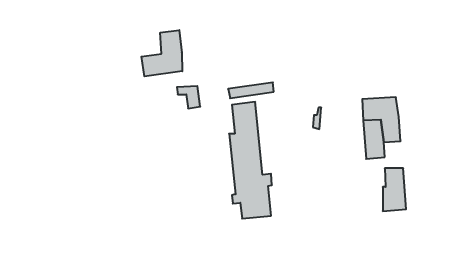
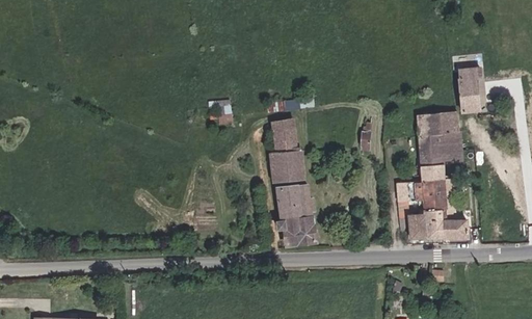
building: [141,30,182,76] -> none
building: none -> [456,64,481,112]
building: none -> [398,179,444,240]

